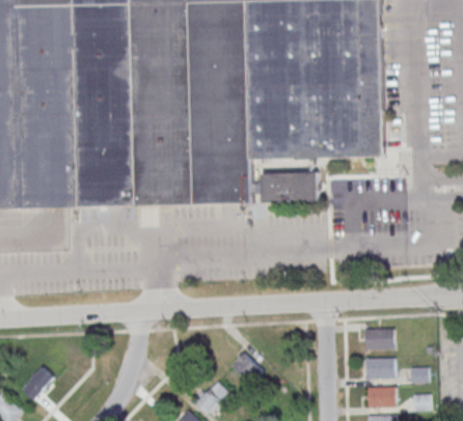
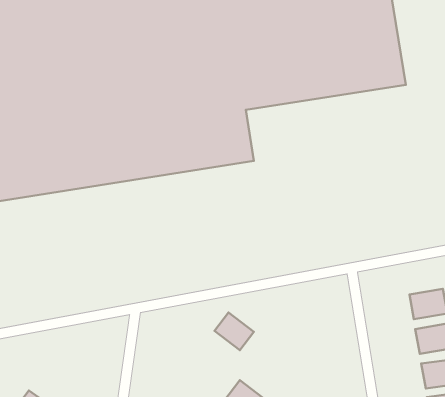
building: [263,172,318,201] -> none
building: [229,350,262,383] -> [214,312,254,350]

